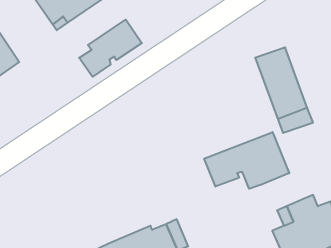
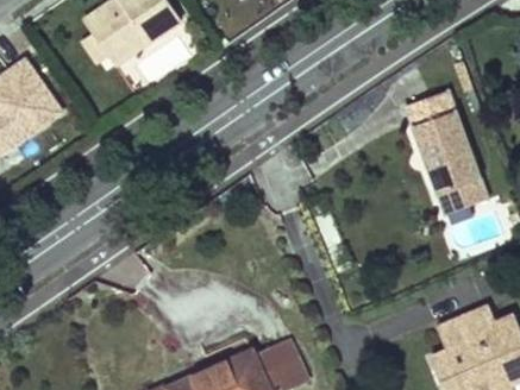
building: [79,20,142,77] -> none
building: [204,132,289,189] -> none

